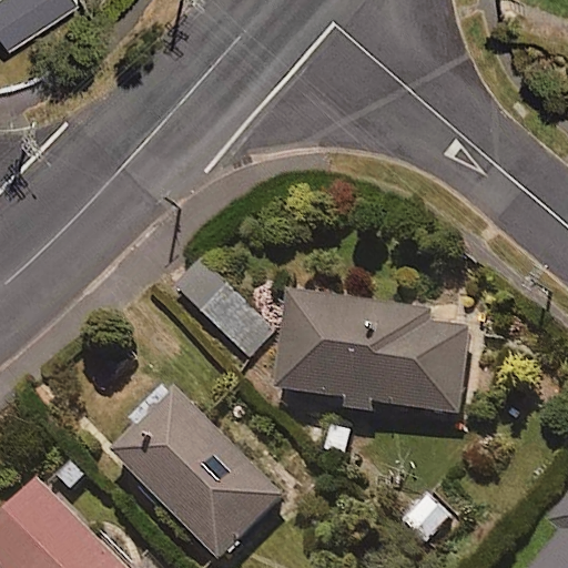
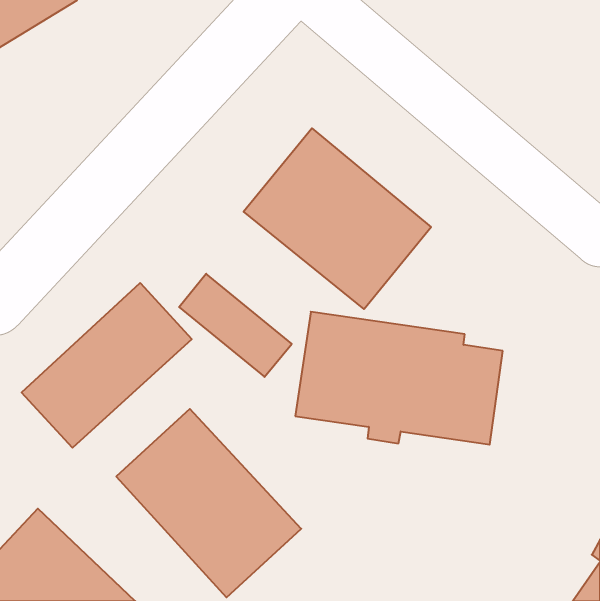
building: none -> [244,128,431,309]
building: none -> [22,283,192,448]

